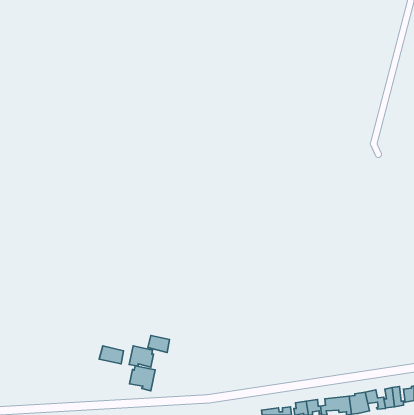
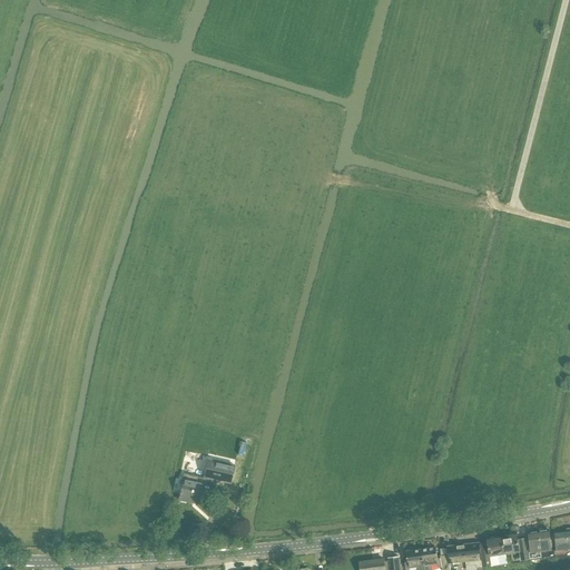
building: [99,346,124,364] -> none
building: [129,366,155,391] -> none

